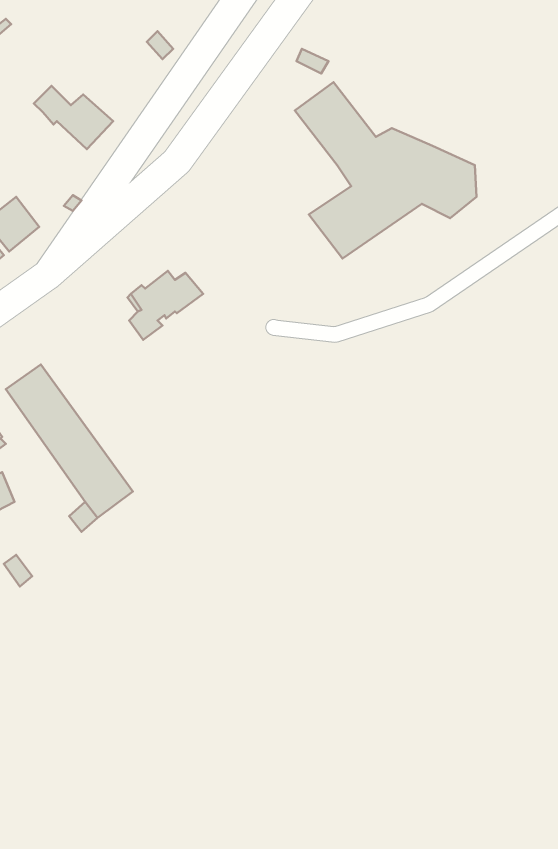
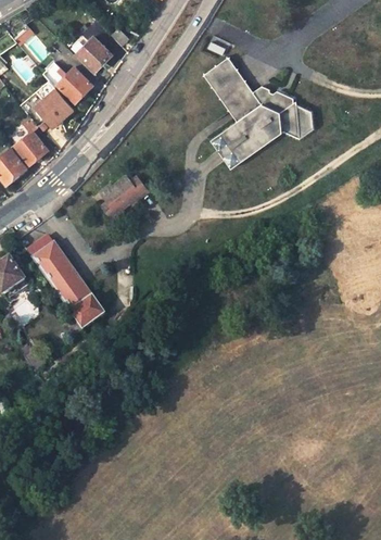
building: none -> [77,36,112,72]
building: none -> [34,78,73,126]

